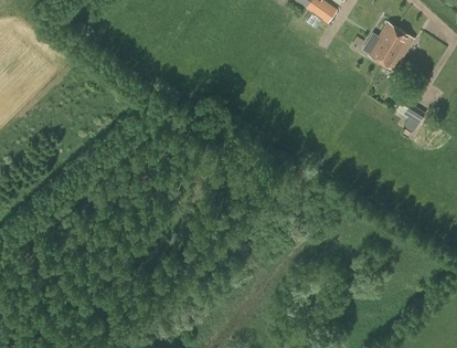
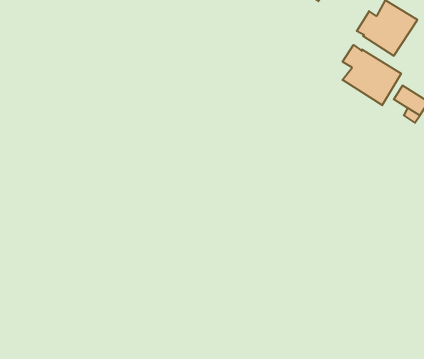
building: none -> [342,45,401,105]

